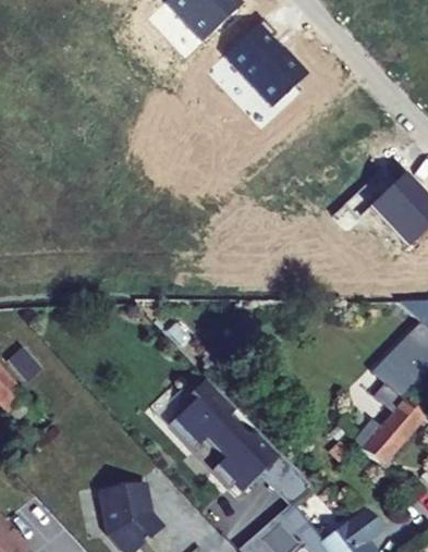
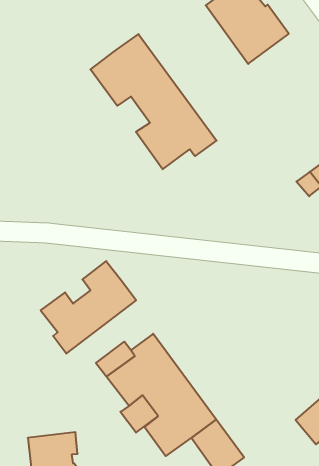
building: none -> [90,34,217,169]
building: none -> [41,261,136,354]

